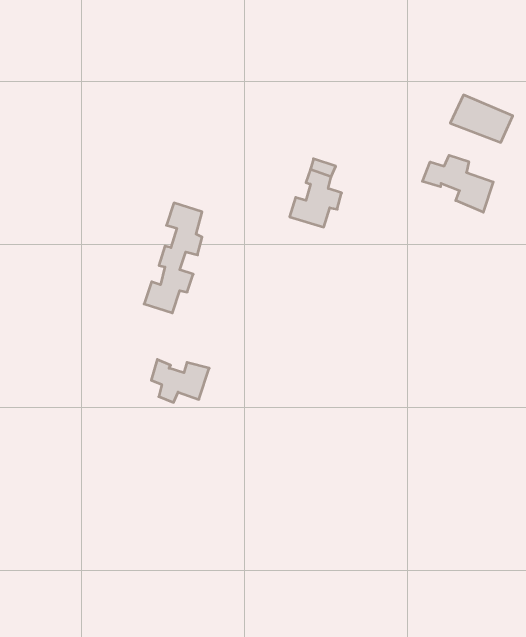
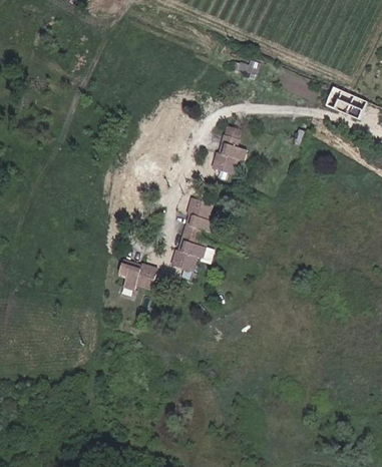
building: [422,155,493,212] -> none
building: [144,203,202,313] -> [171,197,211,272]

